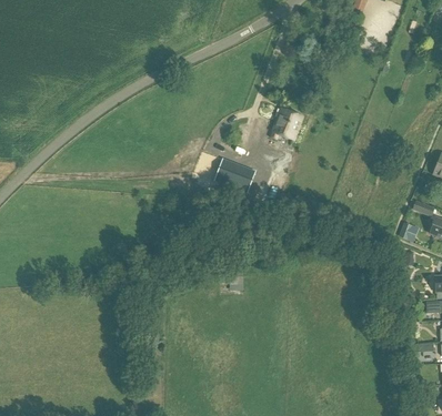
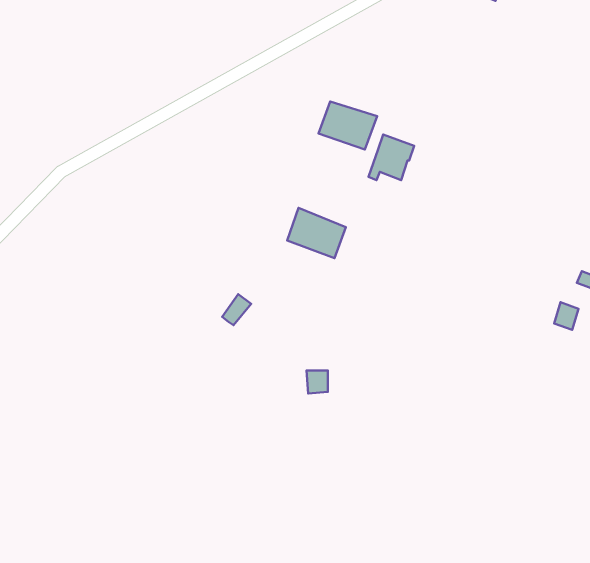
building: none -> [319,101,377,150]

